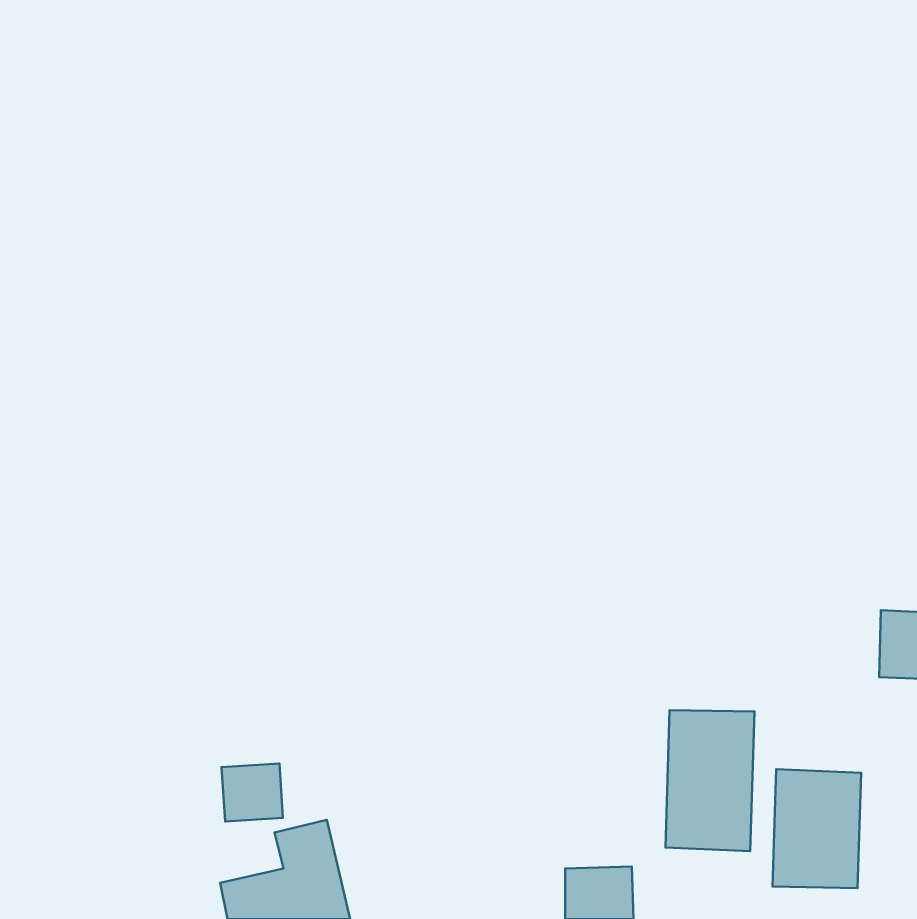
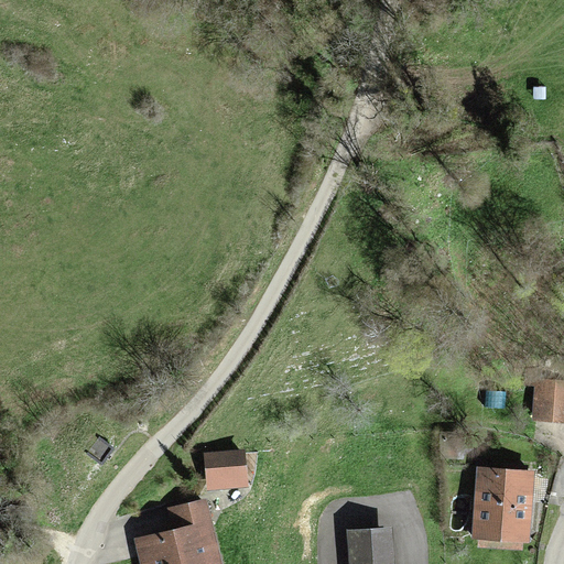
building: [665,710,754,851] -> none
building: [222,764,283,821] -> [207,453,245,488]

